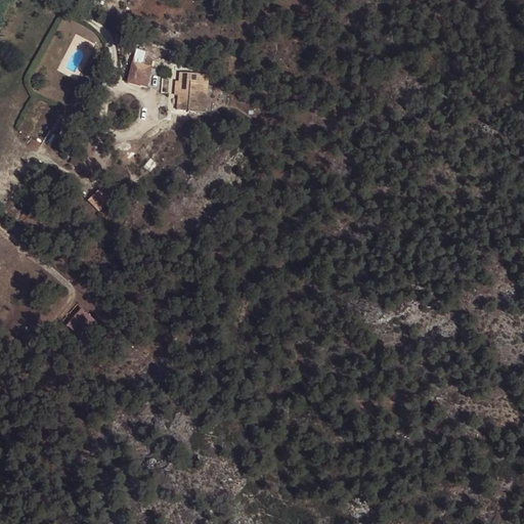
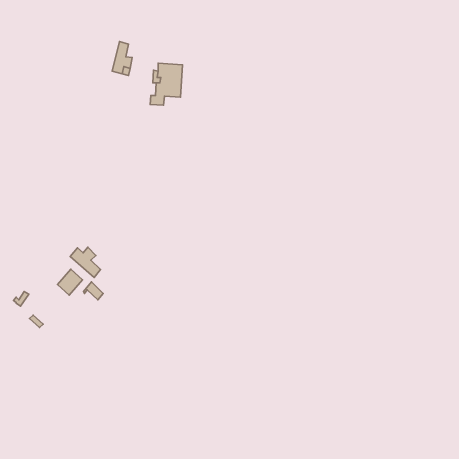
building: none -> [70,247,101,278]

